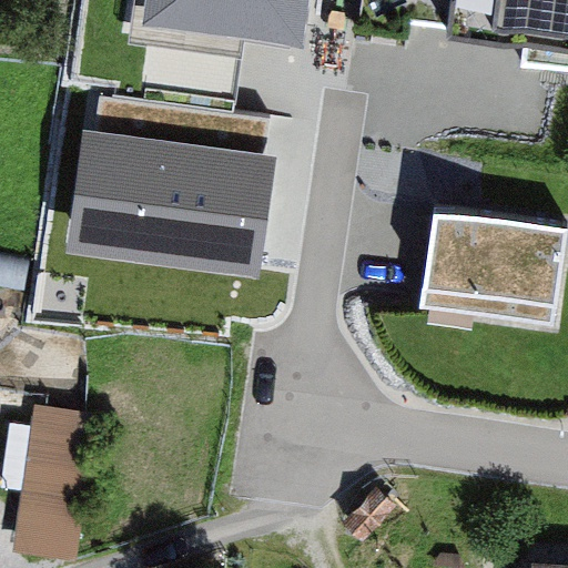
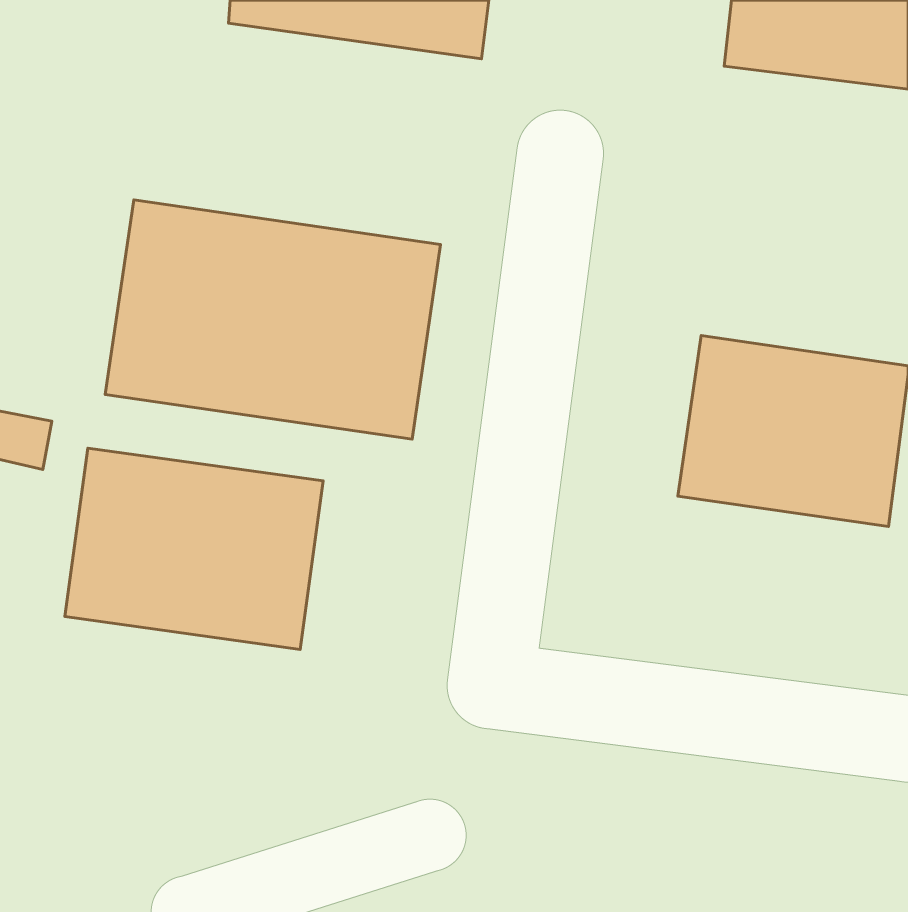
building: none -> [65,448,323,649]
building: [13,408,93,560] -> none

